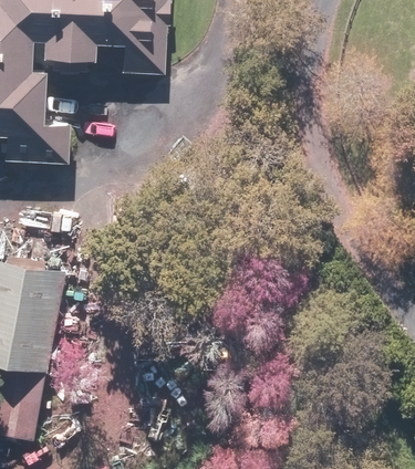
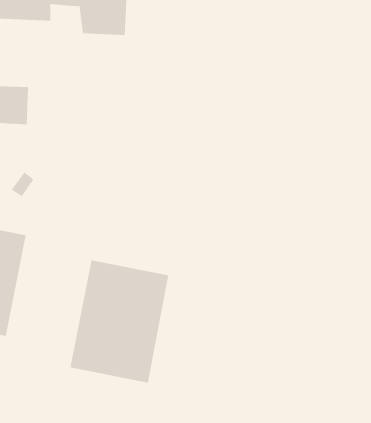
building: none -> [70,259,169,384]

